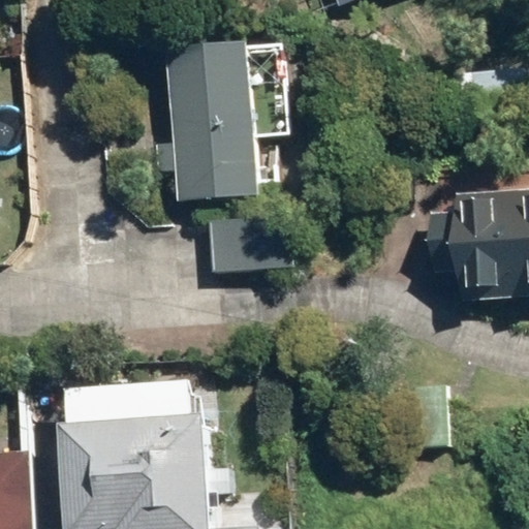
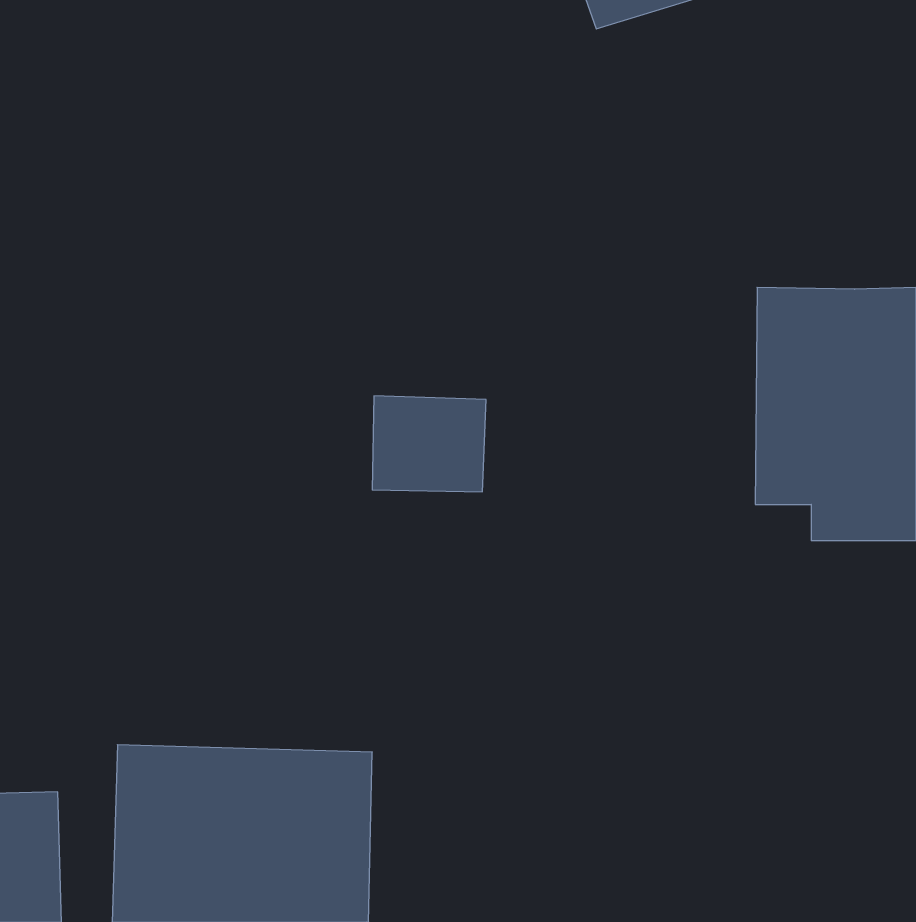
building: [158,32,286,199] -> none

